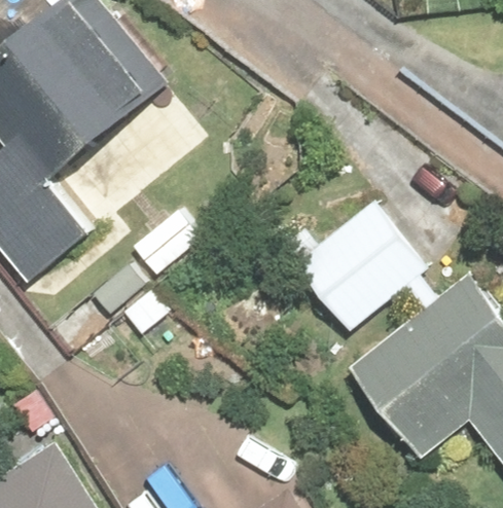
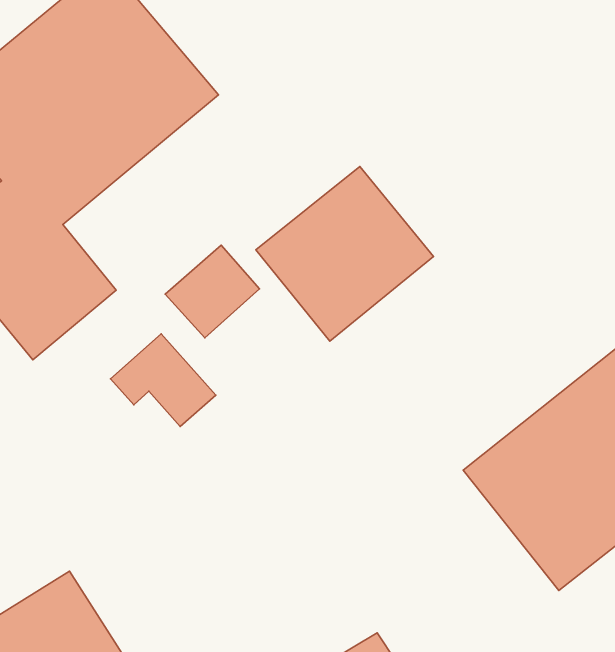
building: [294,199,428,331] -> [256,166,434,341]

